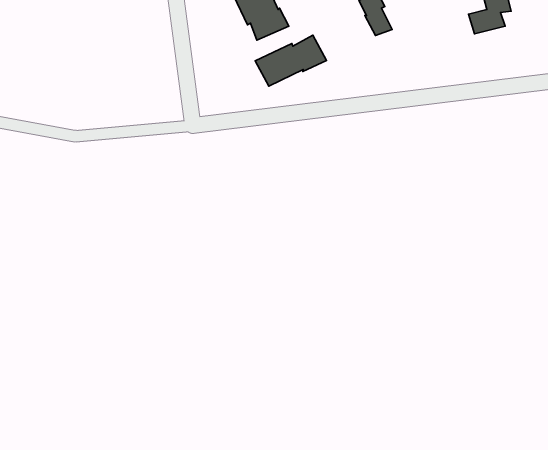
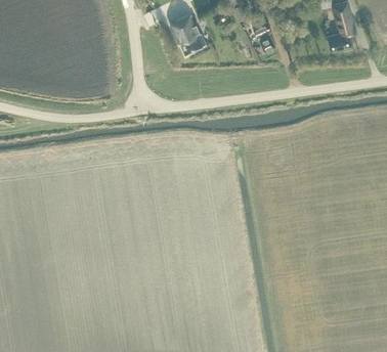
building: [255,35,327,86] -> none

